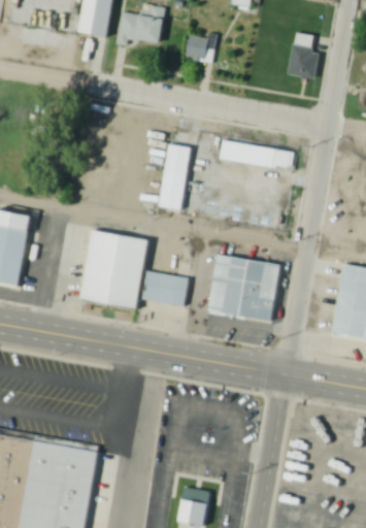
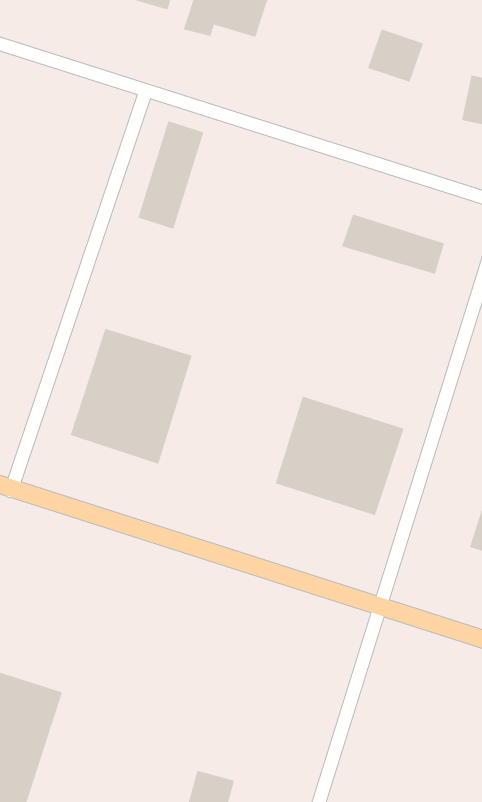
building: [186,34,218,64] -> [367,29,424,83]
building: [158,144,191,209] -> [138,120,204,230]
building: [142,271,189,305] -> none

